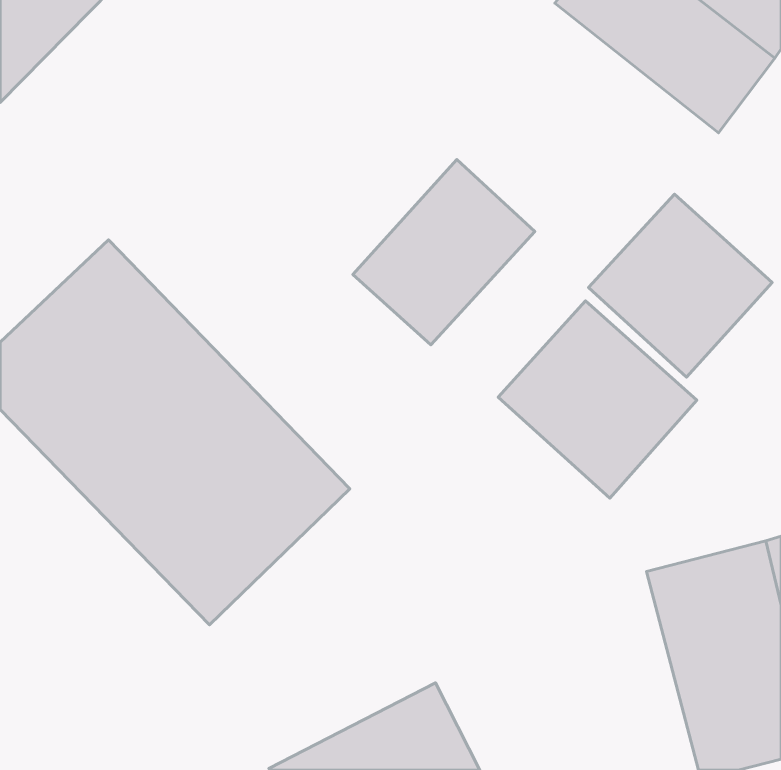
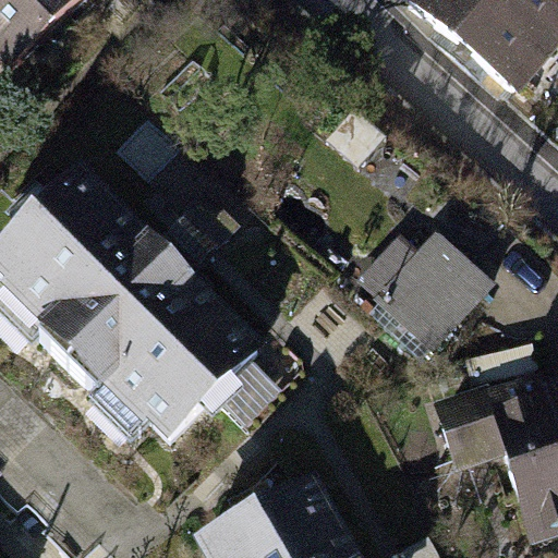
building: [353,160,535,345] -> none
building: [588,194,772,377] -> none

